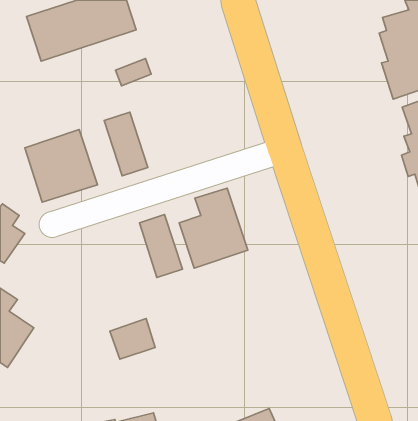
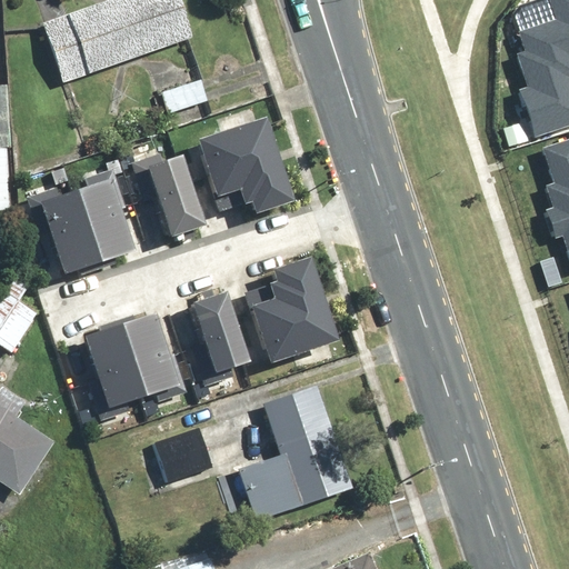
building: none -> [194,112,295,210]
building: none -> [83,311,179,407]
building: none -> [237,387,352,525]

